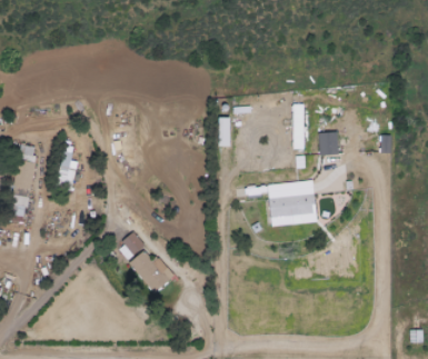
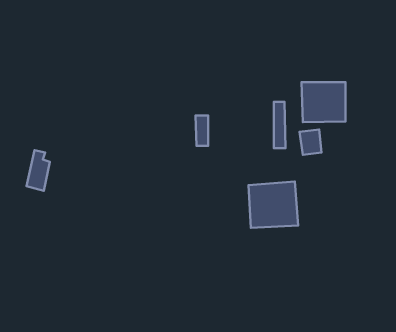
building: none -> [301,82,345,122]
building: [116,233,175,293] -> none

